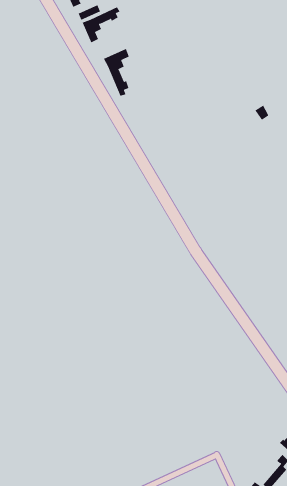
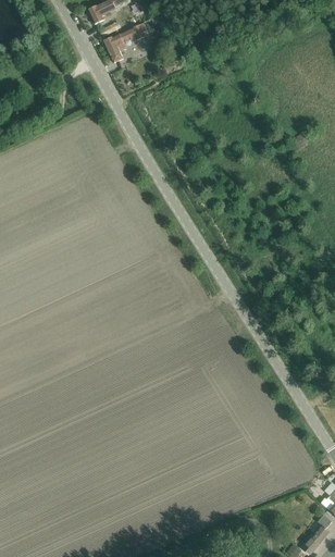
building: [103,48,129,97] -> none

